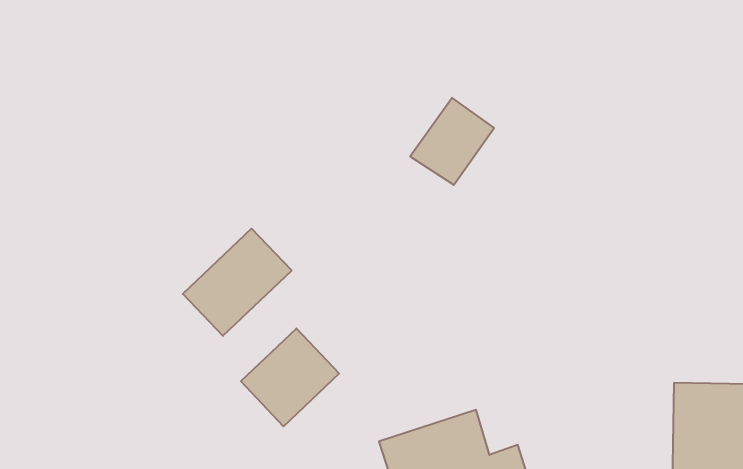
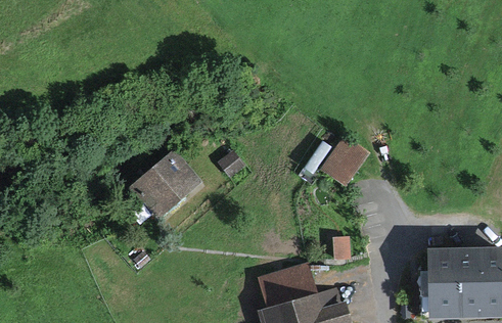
building: [410,98,494,185] -> [317,136,368,189]
building: [241,328,339,426] -> none

